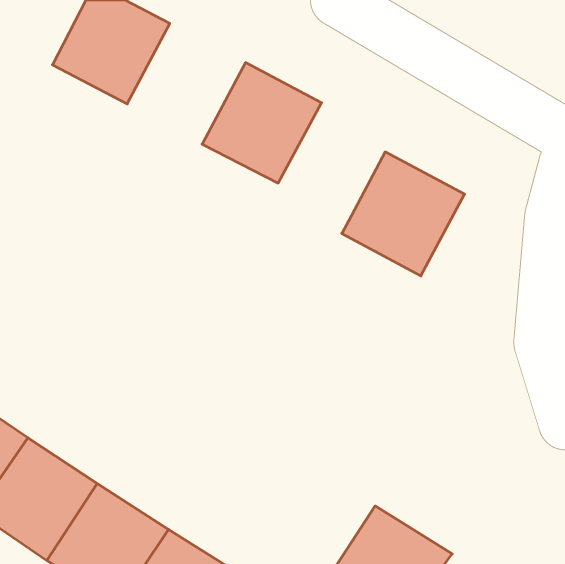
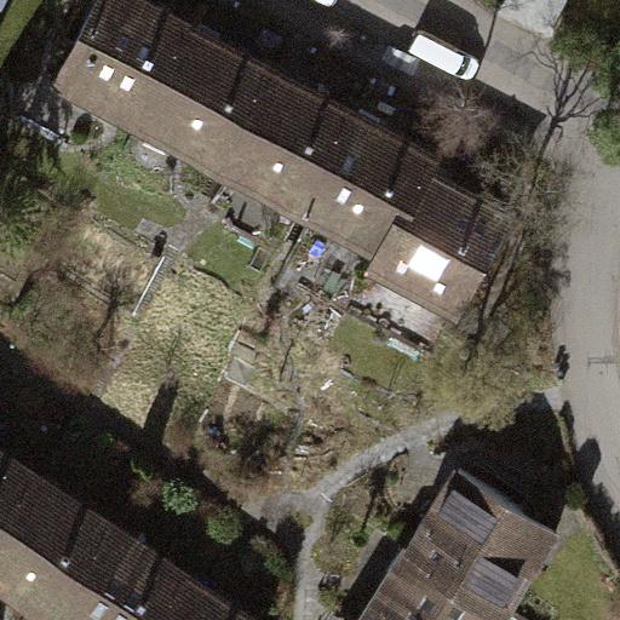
building: none -> [138,33,266,163]
building: none -> [302,119,424,247]
building: none -> [407,478,540,608]

